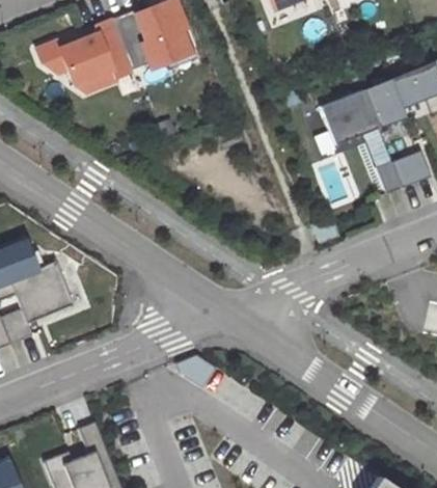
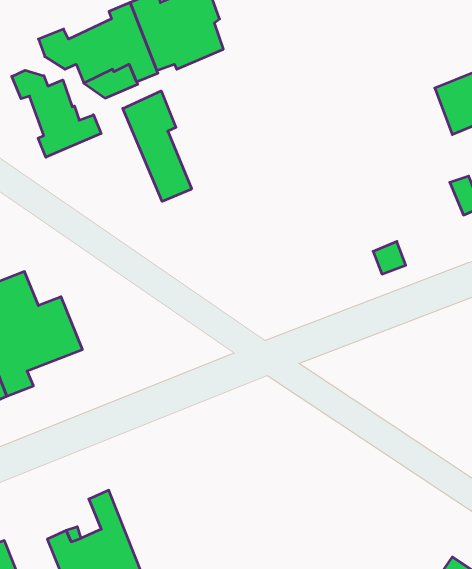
building: none -> [12,70,101,157]
building: [321,88,379,144] -> none
building: none -> [123,91,192,201]

